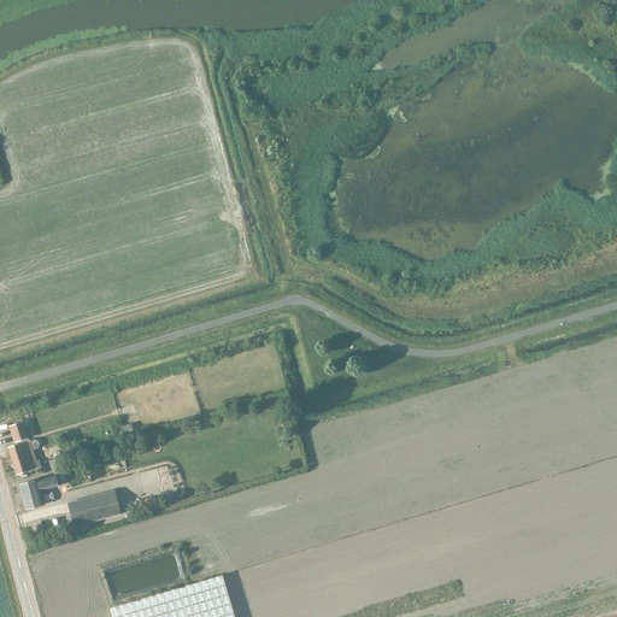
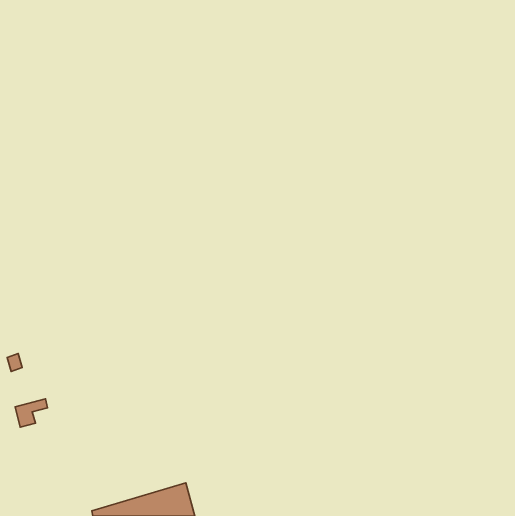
building: [7,441,40,476] -> none
building: [66,492,124,527] -> none

